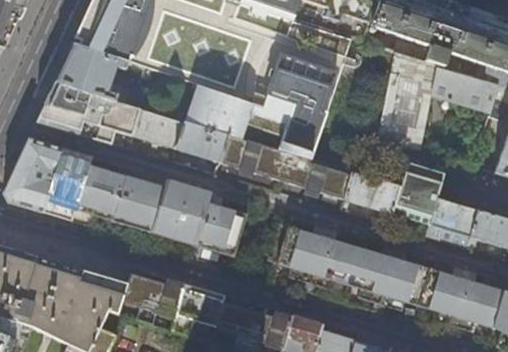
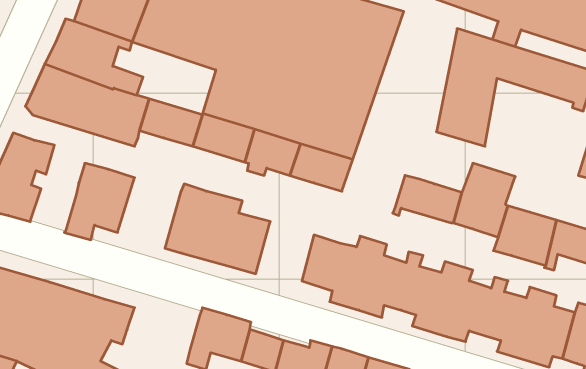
building: [43,148,90,220] -> none
building: [301,160,353,200] -> none
building: [115,175,167,234] -> none
building: [123,276,183,319] -> none

